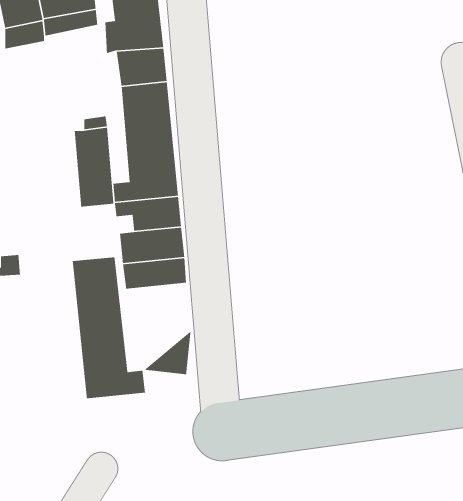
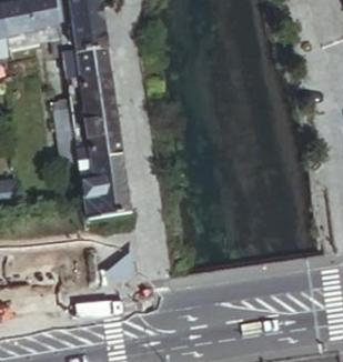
building: [72,256,146,399] -> none

